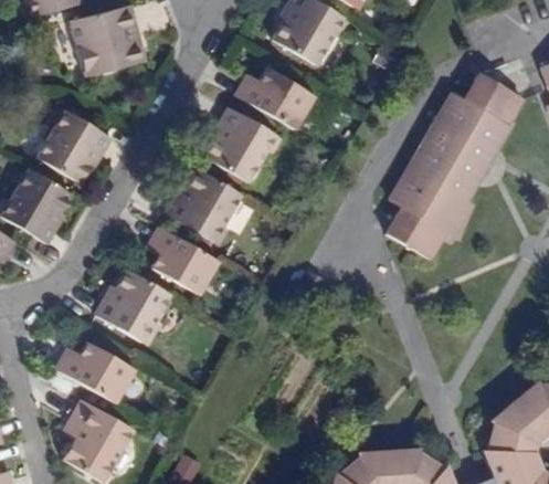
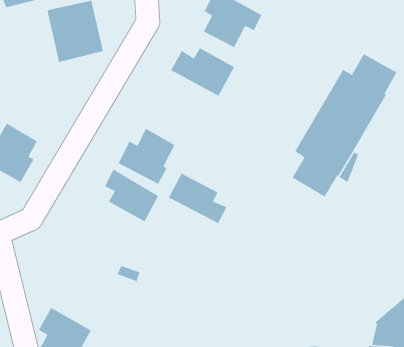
building: [207,102,279,178] -> none
building: [36,103,113,181] -> none
building: none -> [168,173,228,224]
building: [89,270,168,346] -> none
building: [51,343,131,404] -> none

